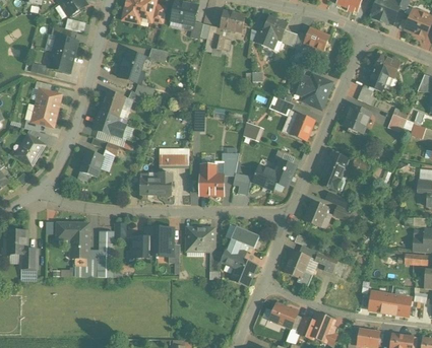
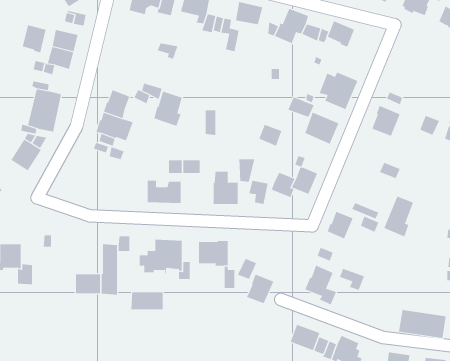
building: none -> [22,25,46,53]
building: [118,51,144,83] -> [153,91,183,126]
building: [368,55,399,89] -> none
building: [77,150,103,181] -> none
building: [319,153,347,191] -> [384,196,414,237]
building: [57,223,87,258] -> none
building: [229,225,259,251] -> none
building: none -> [131,291,163,310]

